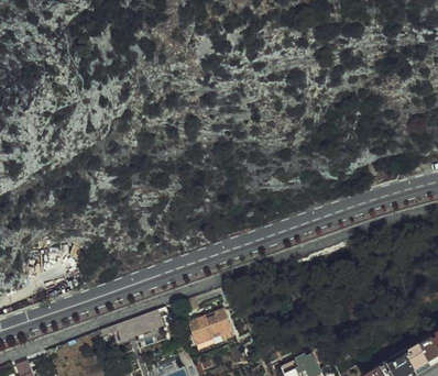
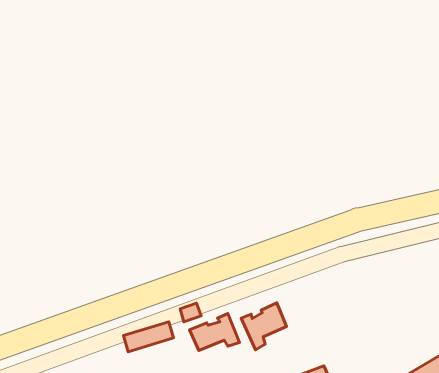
building: none -> [241,303,287,350]

